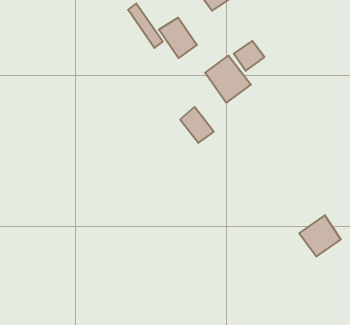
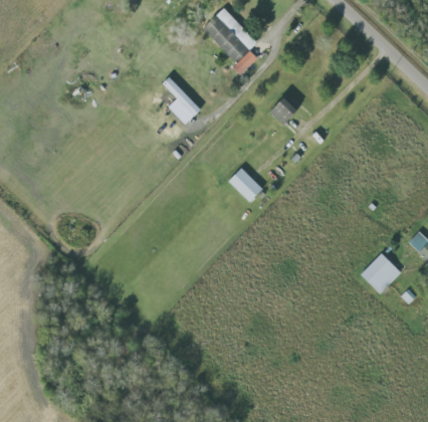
building: [159,18,197,58] -> none
building: [205,56,251,103] -> none

